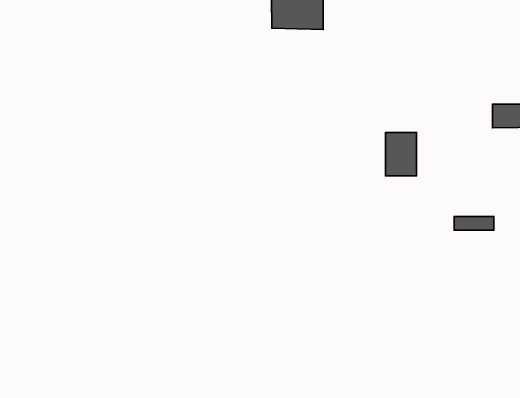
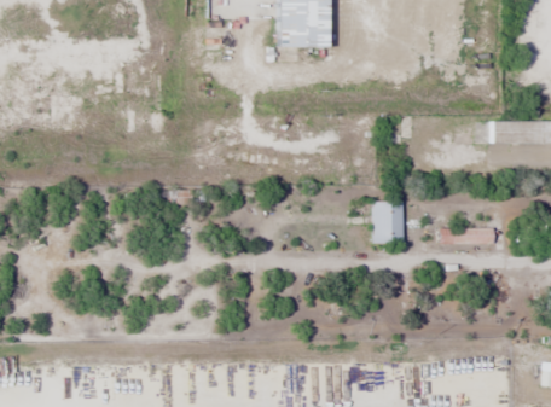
building: [385,132,417,176] -> [376,200,406,243]

